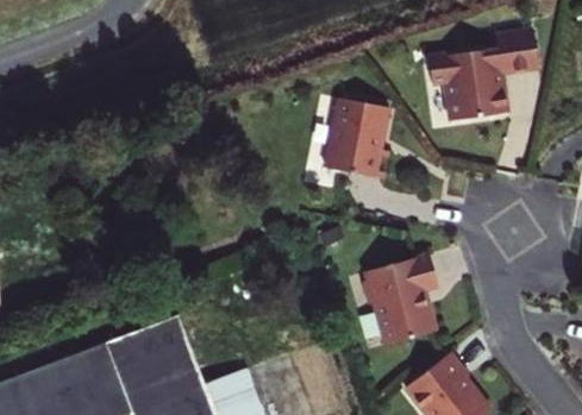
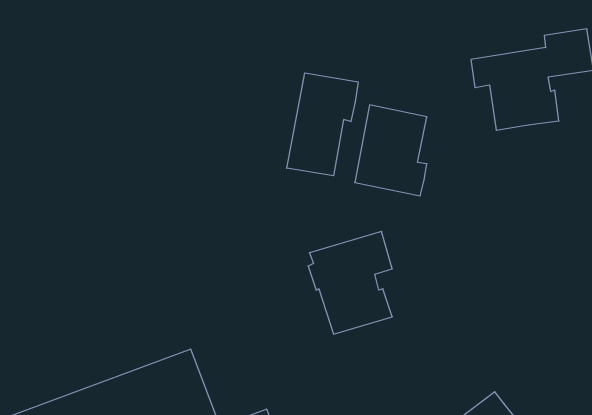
building: none -> [287,73,358,176]
building: [364,257,439,348] -> [308,231,392,334]

